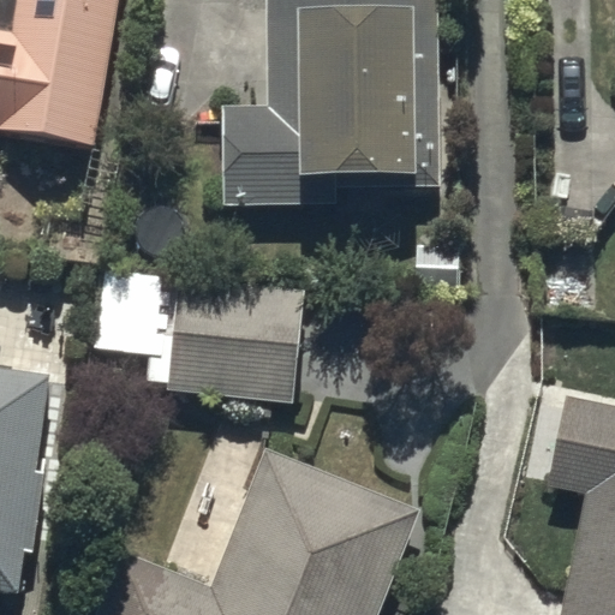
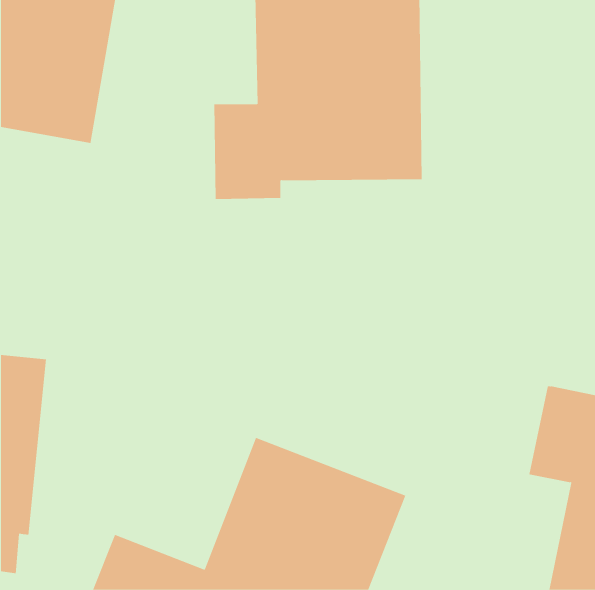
building: [148,281,299,405] -> none

